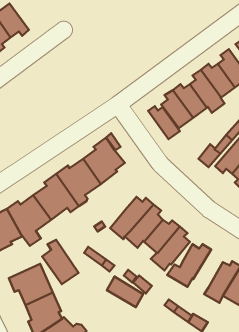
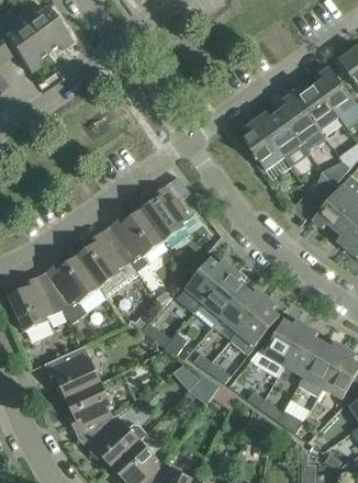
building: [148,106,180,139] -> none
building: [42,240,78,284] -> none
building: none -> [284,326,323,375]

